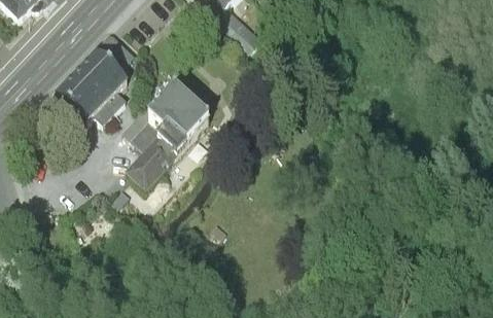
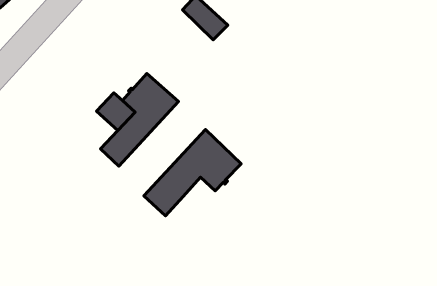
building: [57,35,131,120] -> none
building: none -> [144,129,241,216]

